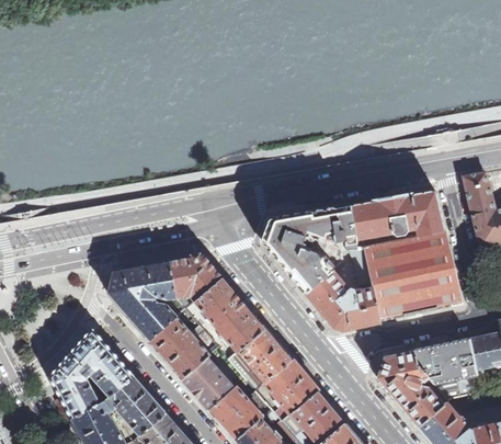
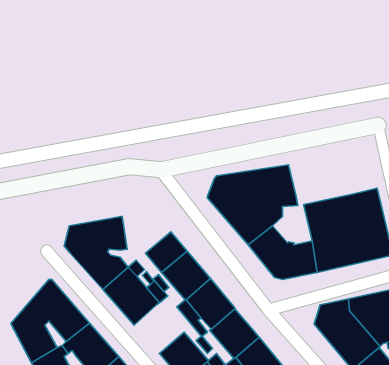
building: [349,190,444,238] -> none
building: [342,249,374,291] -> none
building: [169,255,221,300] -> none
building: [182,356,234,409] -> none

